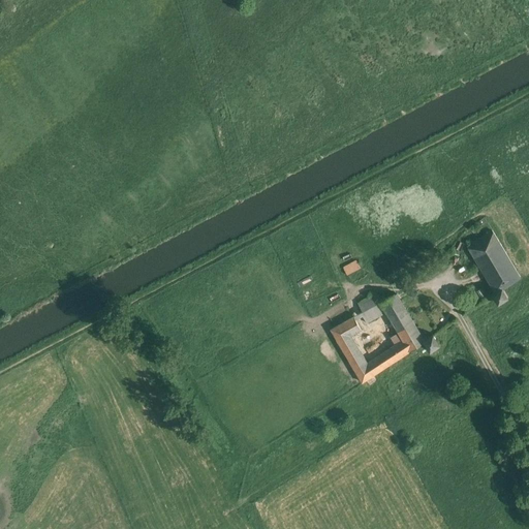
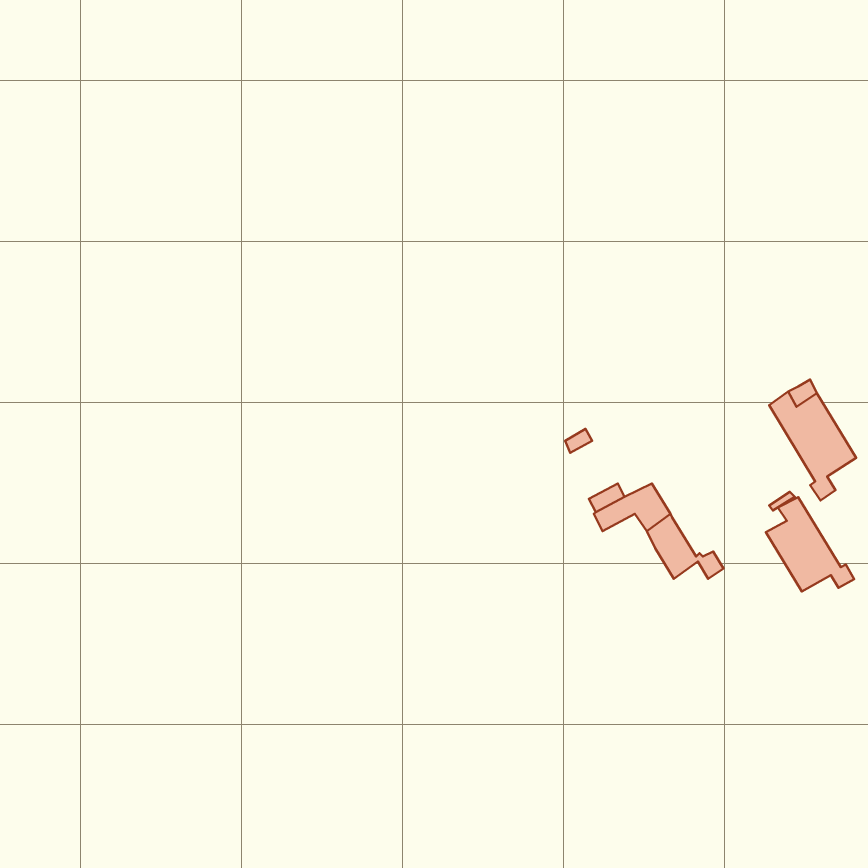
building: none -> [766,497,854,592]
building: [331,317,409,383] -> none

